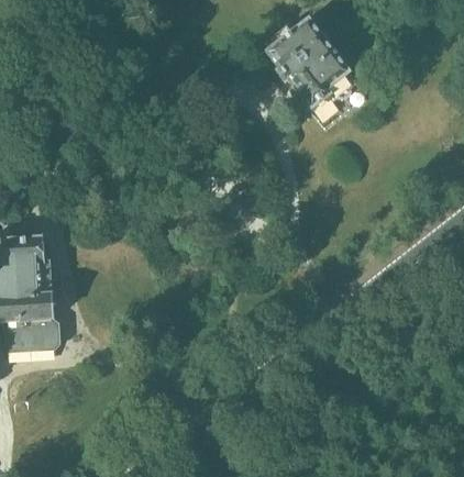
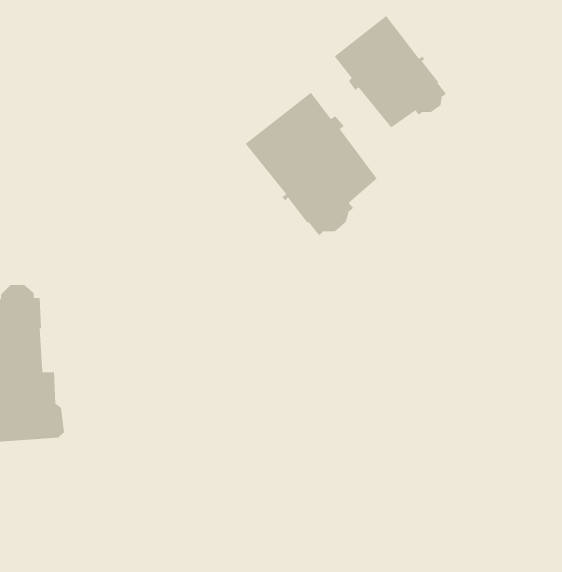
building: none -> [245,92,378,236]

